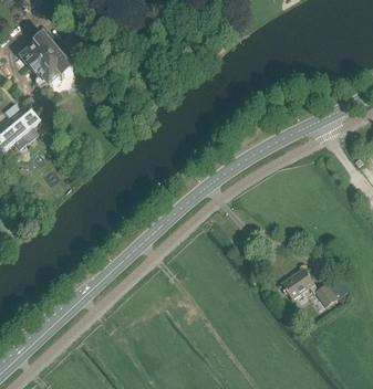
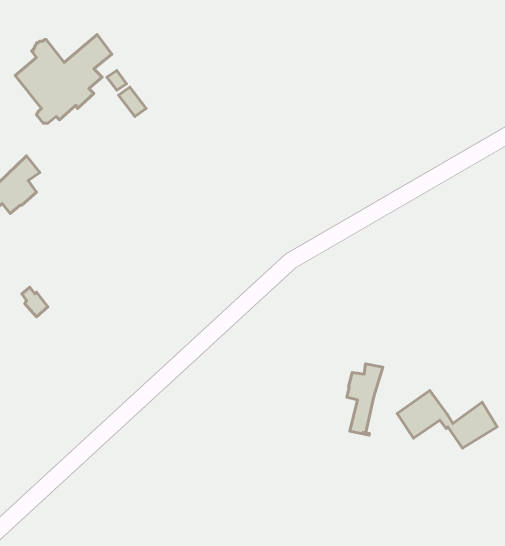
building: none -> [347,364,383,435]

